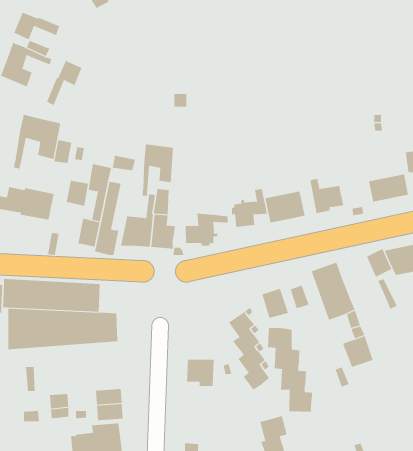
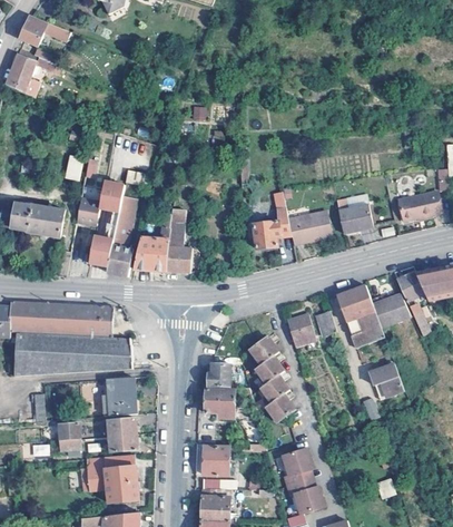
building: [46,60,82,106] -> none
building: [13,114,61,170] -> none
building: [142,143,174,197] -> none
building: [185,213,228,247] -> none
building: none -> [372,293,410,325]
building: [267,327,313,413] -> none
building: none -> [207,354,243,386]
building: none -> [95,384,135,419]
building: none -> [203,445,229,474]

